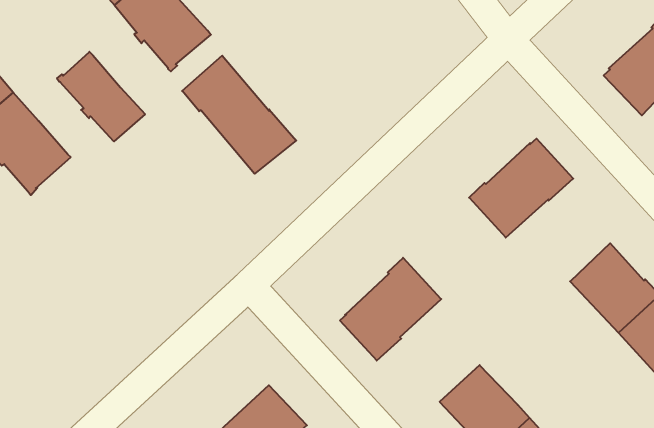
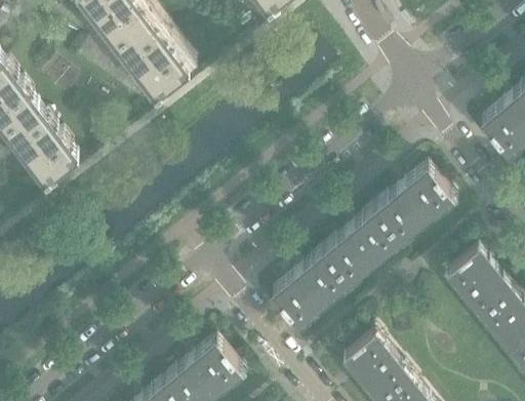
building: [57,52,145,141] -> none
building: [182,56,296,174] -> none
building: none -> [322,209,400,284]

